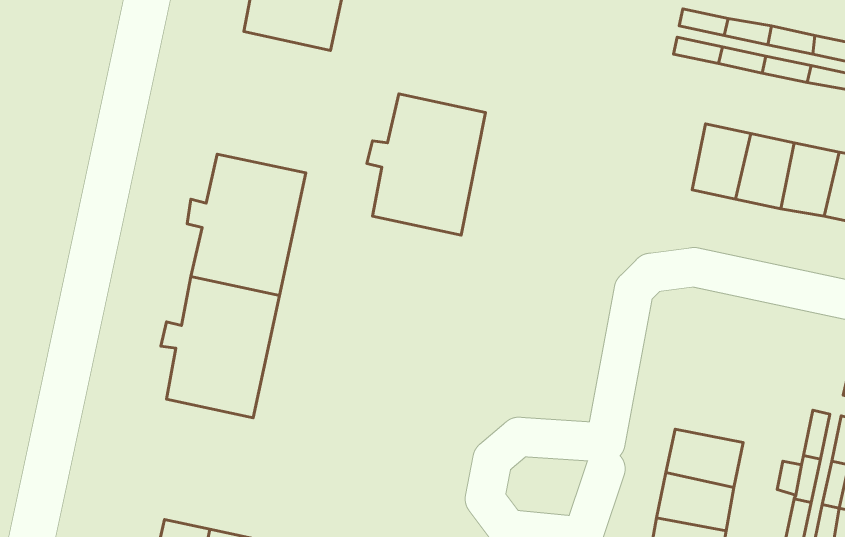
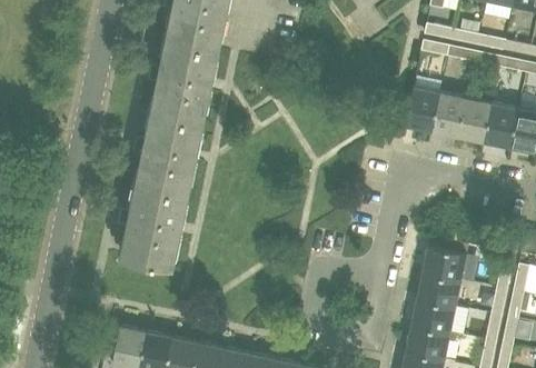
building: [367,94,486,235] -> [149,38,219,121]
building: none -> [405,87,440,131]
building: none -> [423,245,467,280]

